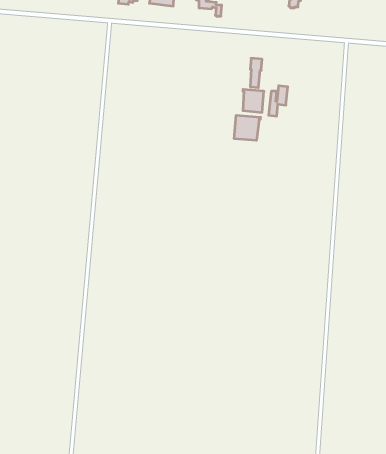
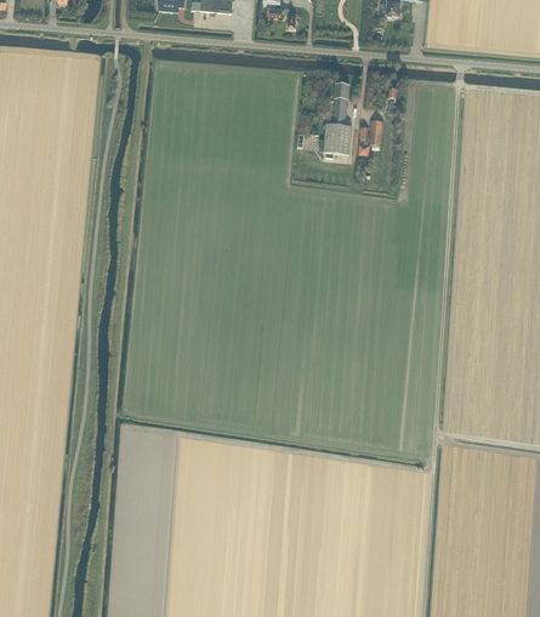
building: [234,115,261,140] -> none

